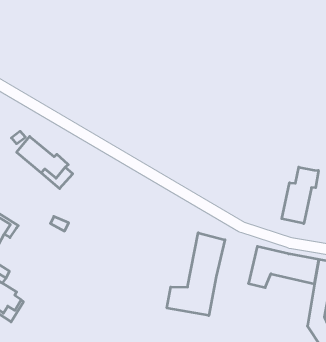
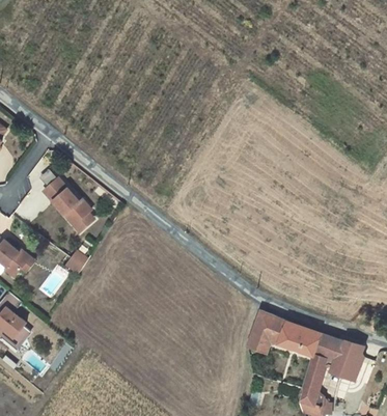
building: [282,167,318,224] -> none
building: [167,233,225,316] -> none

